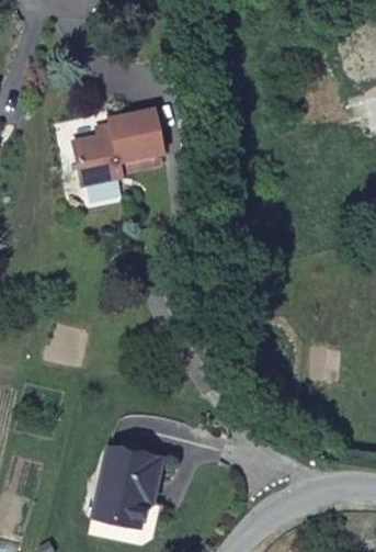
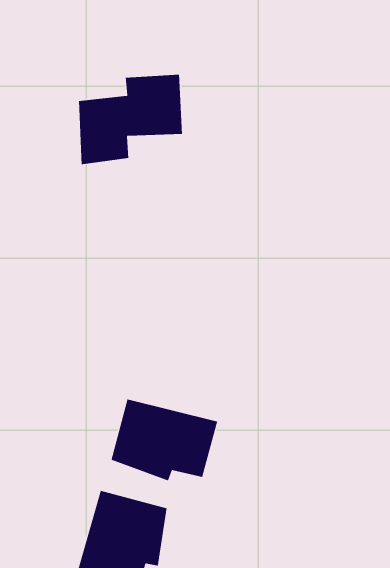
building: none -> [110,398,218,481]

